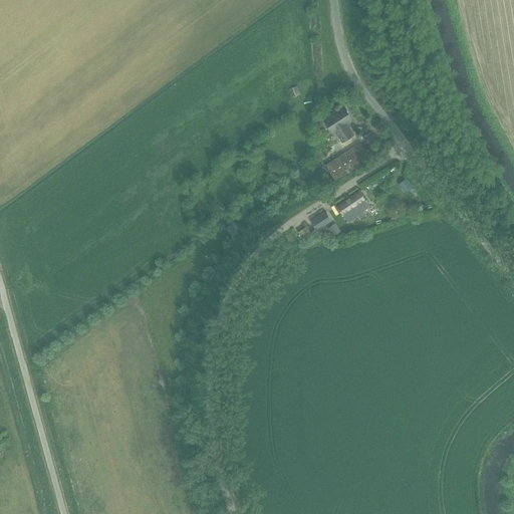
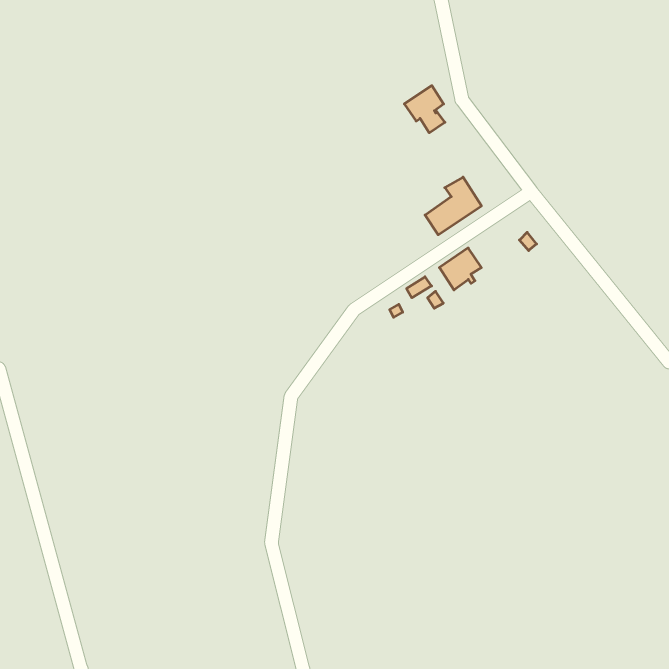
building: [322,105,353,142] -> [404,86,445,133]

